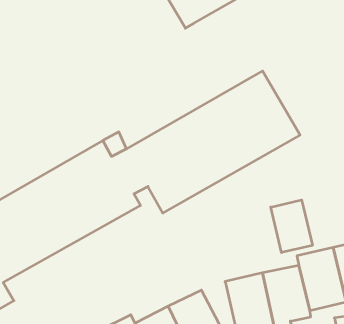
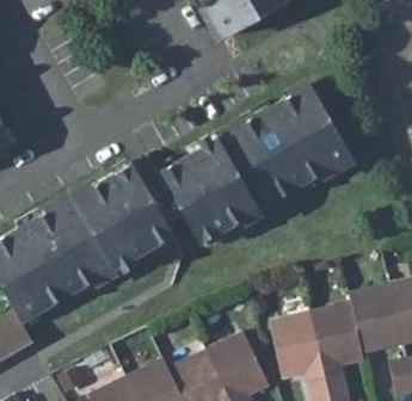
building: [271,200,312,253] -> none

